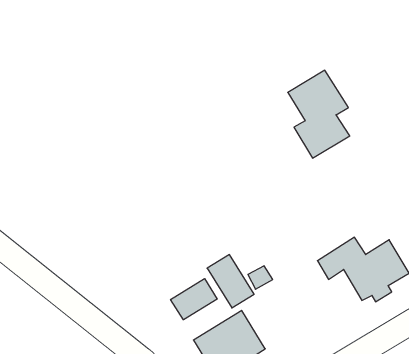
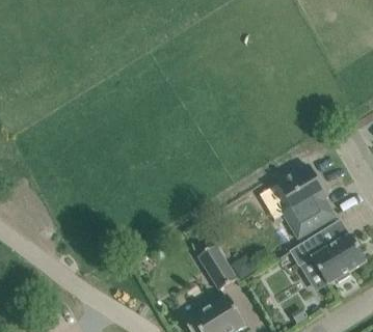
building: [288,70,350,158] -> [277,165,329,239]
building: [171,279,217,320] -> none

